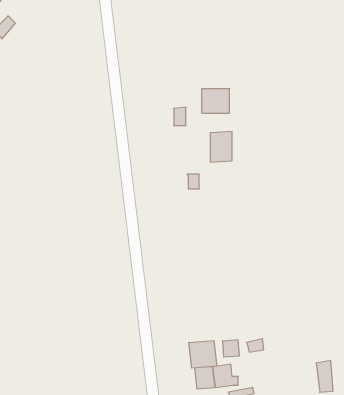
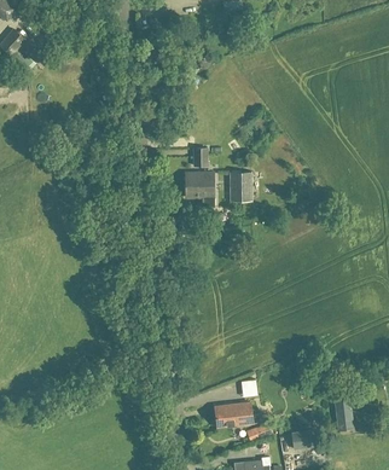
building: [202,89,230,113] -> [185,173,213,197]
building: [189,341,217,368] -> none

